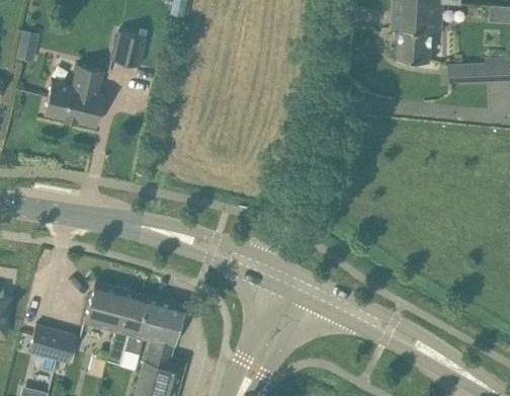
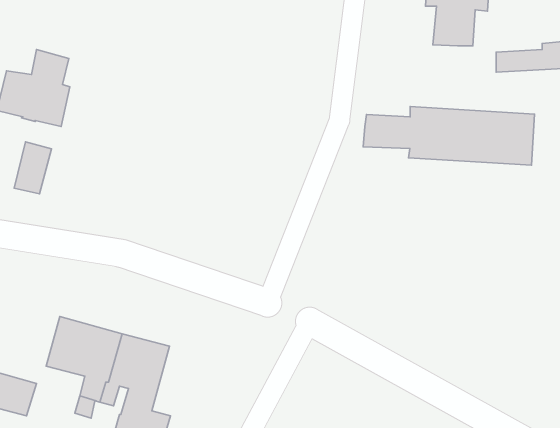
building: [111,32,146,68] -> none
building: none -> [363,107,535,165]
building: none -> [14,142,51,194]

